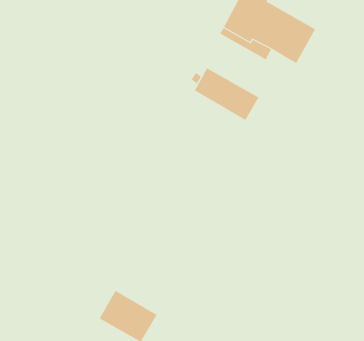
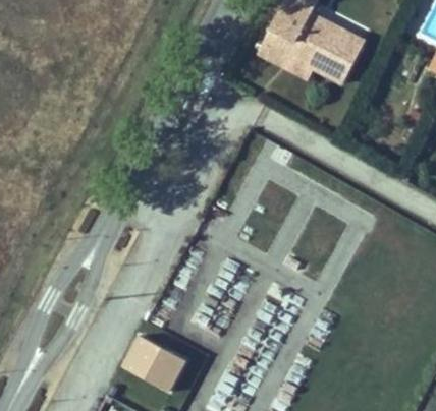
building: [194,67,259,121] -> none

